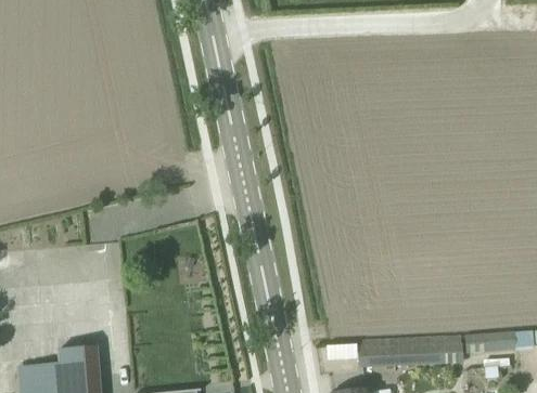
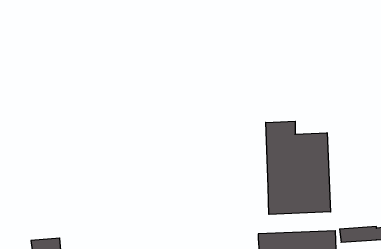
building: none -> [266,121,331,214]

